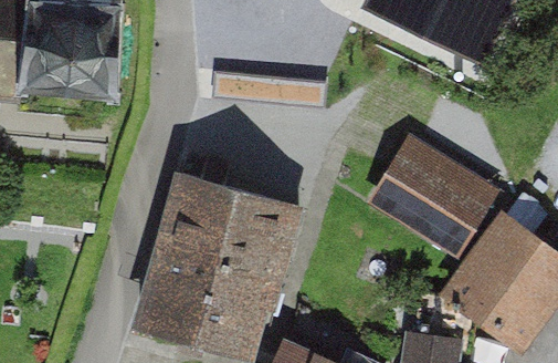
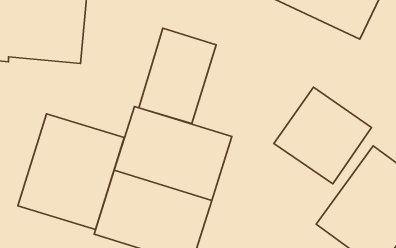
building: none -> [139,28,216,124]
building: none -> [18,114,124,229]

